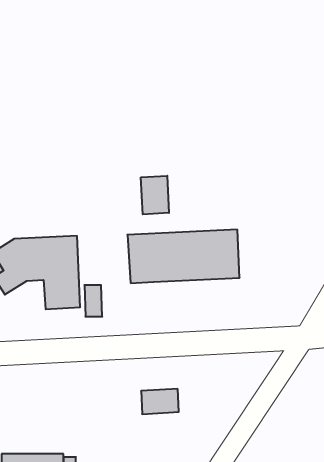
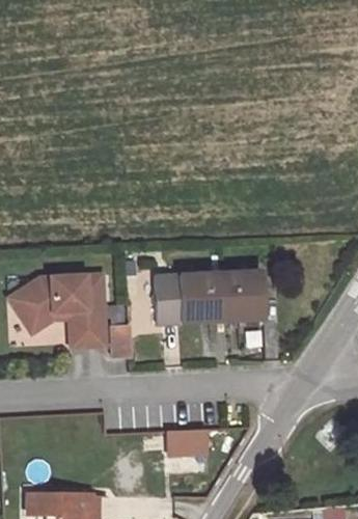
building: [141,176,169,214] -> none

